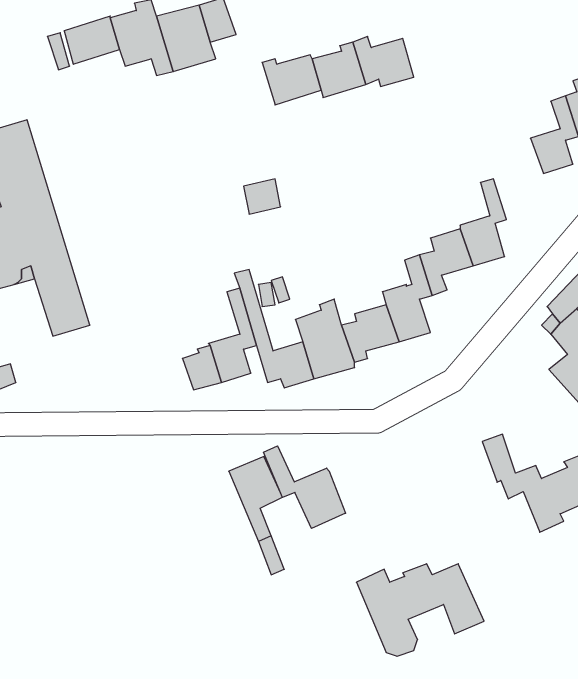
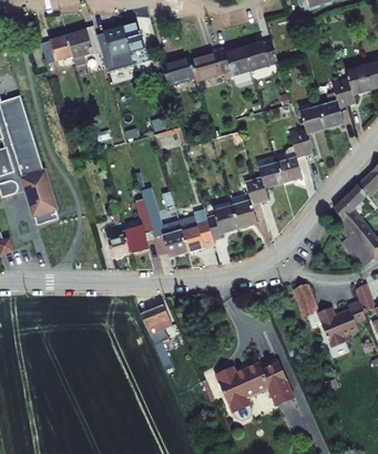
building: none -> [245,39,279,70]
building: none -> [299,106,329,155]
building: [264,446,346,528] -> none

